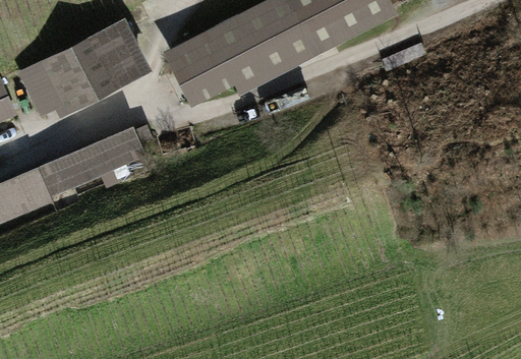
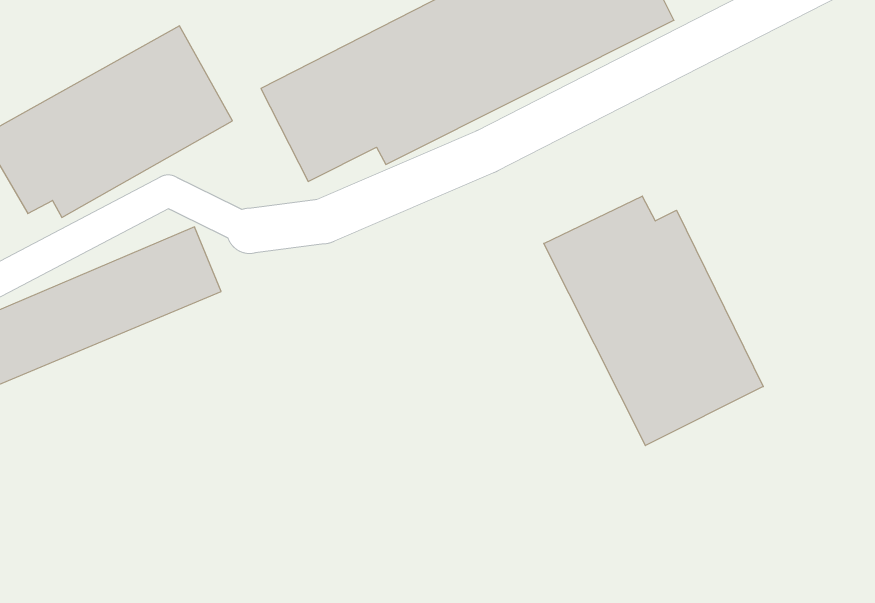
building: none -> [544,196,763,446]

